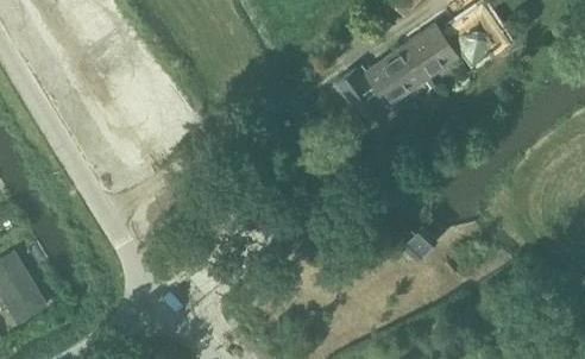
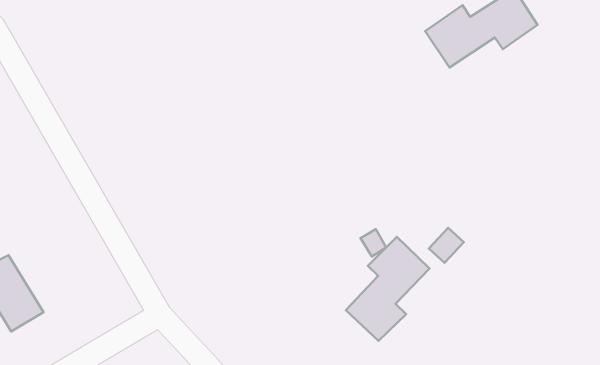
building: [334,50,420,128] -> none
building: none -> [346,237,429,341]

